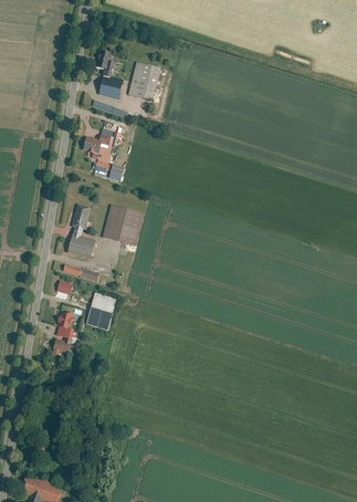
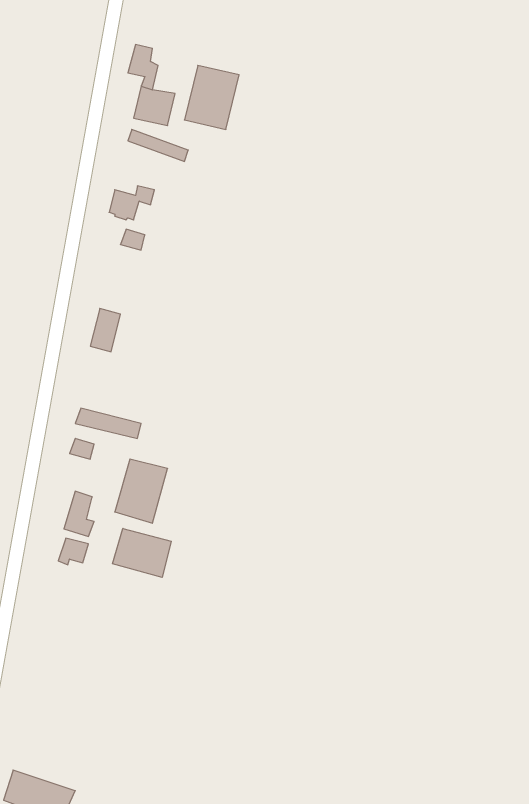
building: [101,203,143,245] -> none
building: [66,233,94,258] -> none
building: none -> [112,528,171,577]

